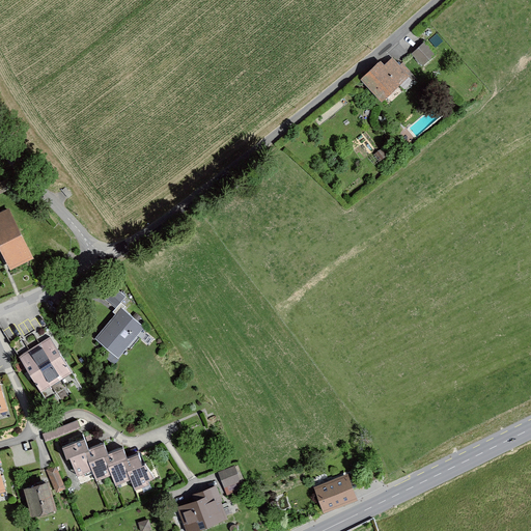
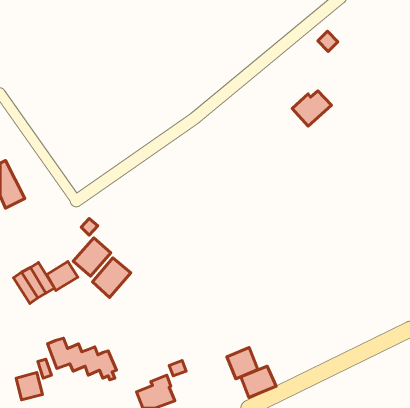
building: [359,56,410,102] -> [292,91,331,126]
building: none -> [93,258,131,297]
building: none -> [47,261,78,290]
building: none -> [227,348,258,379]

